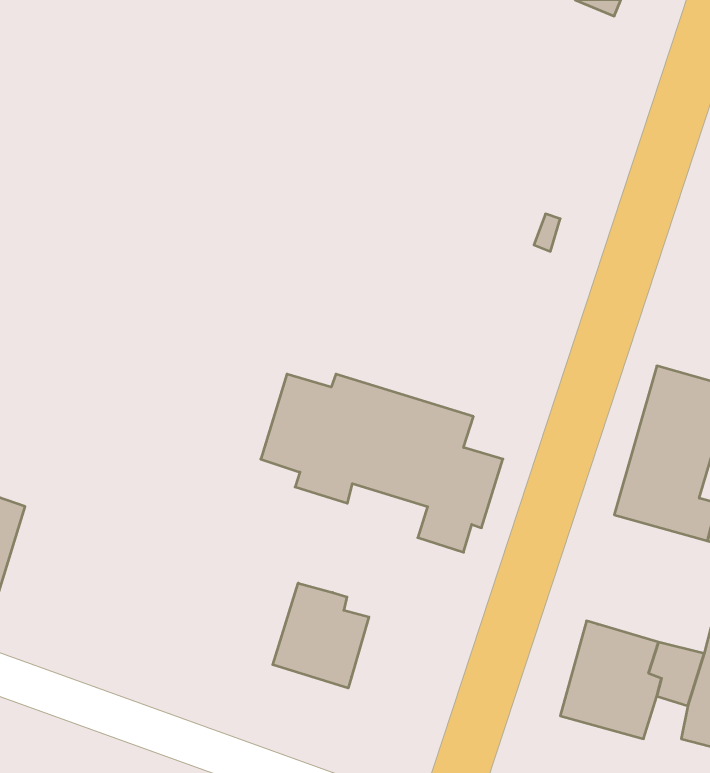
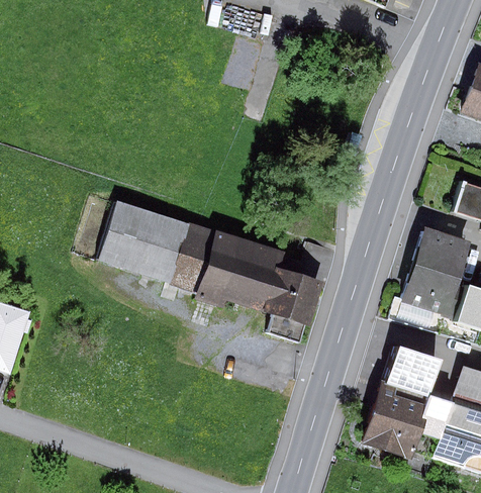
building: none -> [103,202,195,284]
building: none -> [385,348,435,397]
building: [273,583,369,688] -> none

